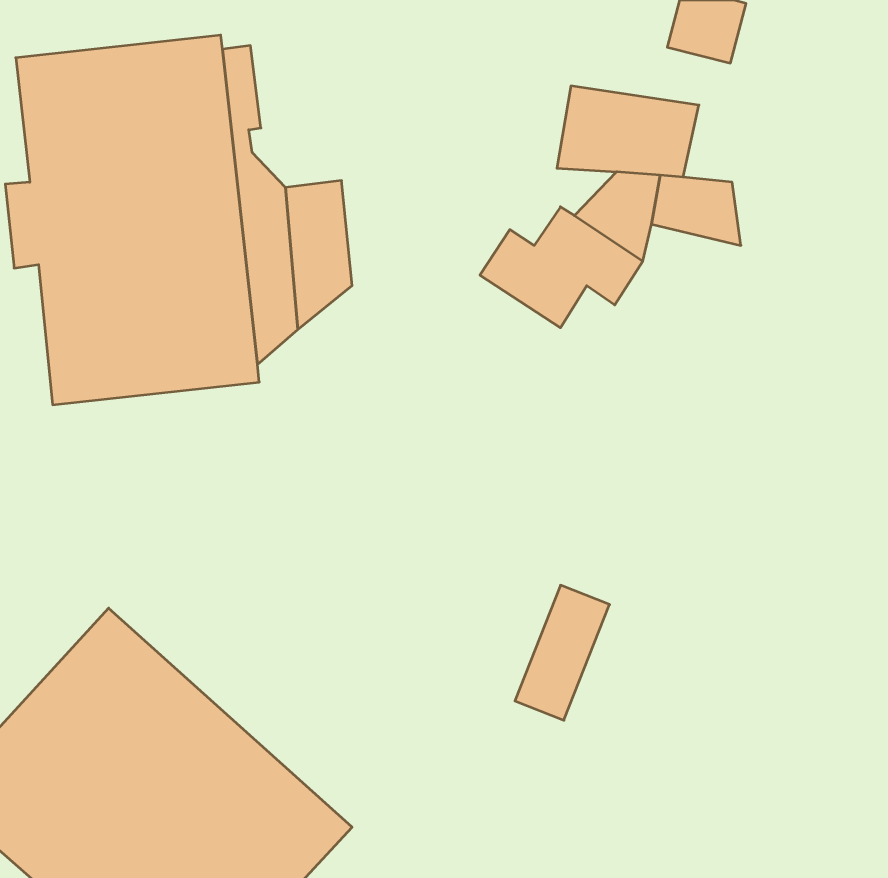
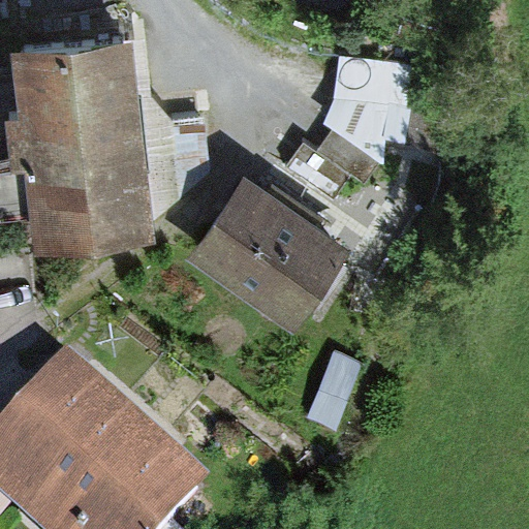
building: none -> [183,173,349,332]

